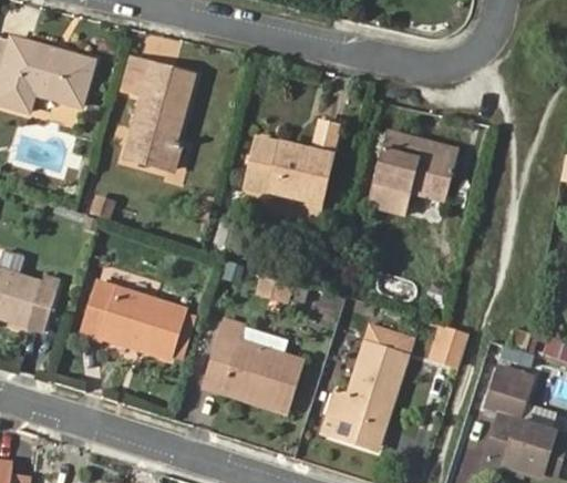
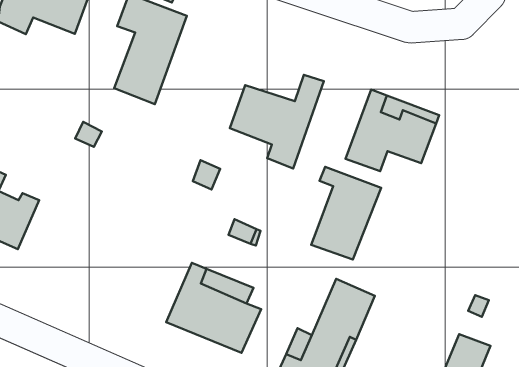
building: none -> [311,167,381,259]
building: [78,284,179,359] -> none
building: [430,325,466,366] -> none

